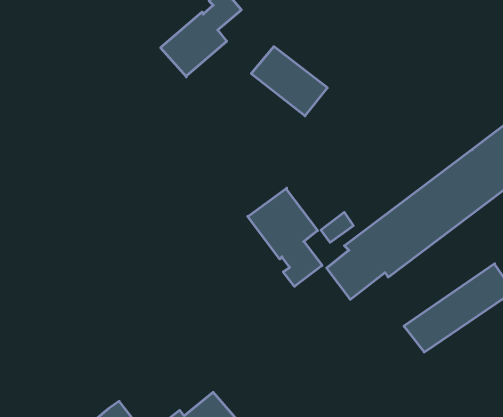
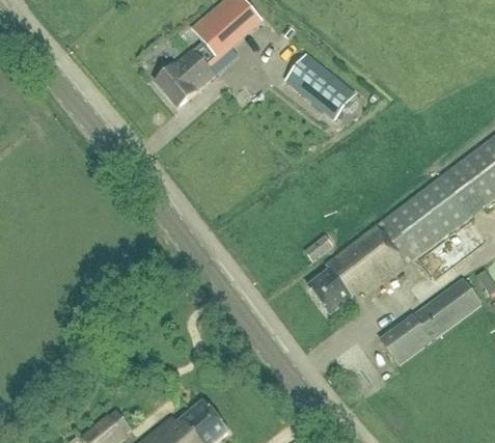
building: [251,47,327,116] -> [284,55,355,119]
building: [248,188,322,286] -> none

